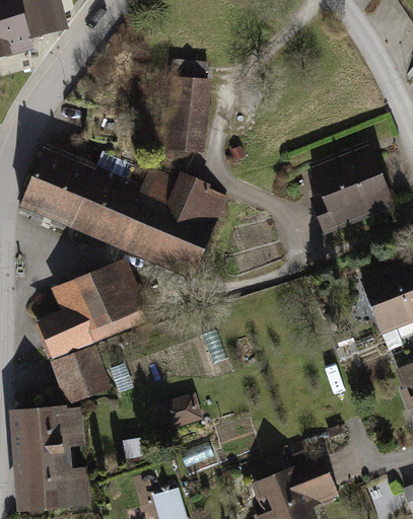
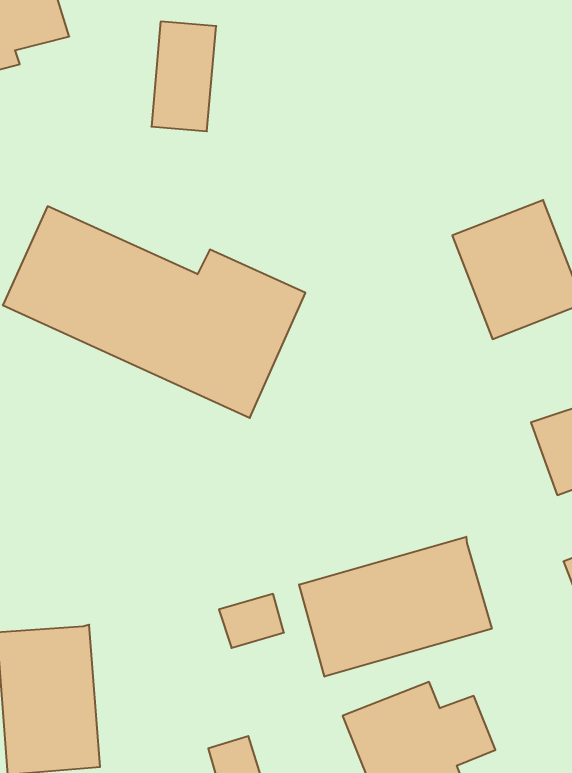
building: [166,75,209,147] -> [151,22,216,131]
building: [36,262,146,353] -> none
building: [51,346,108,415] -> none
building: none -> [299,537,492,677]

